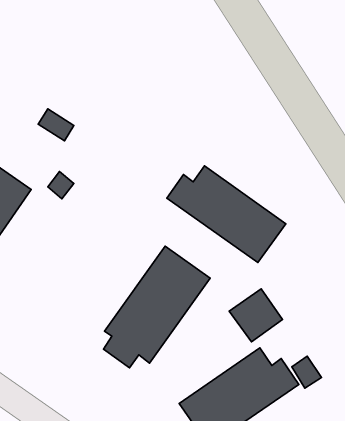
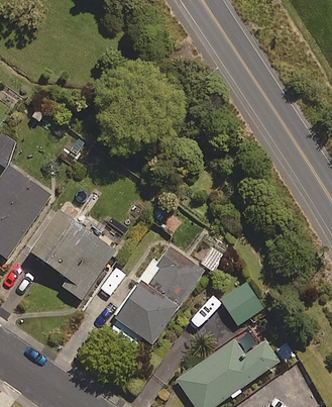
building: [167,166,286,263] -> none
building: none -> [28,209,128,300]

